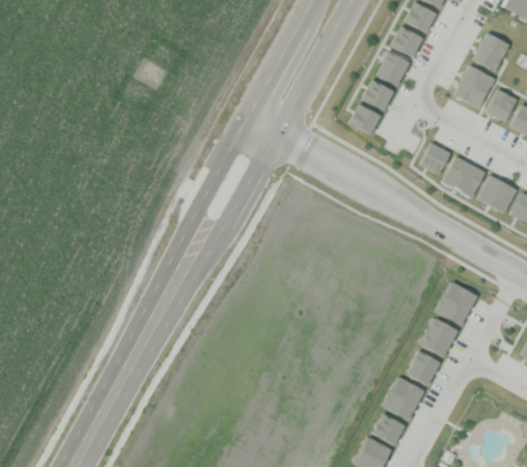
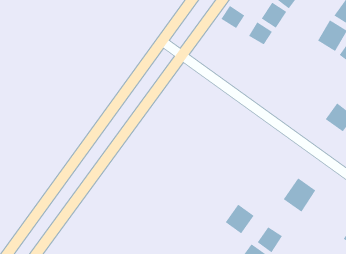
building: [348,105,380,135] -> [221,5,245,29]
building: [419,143,450,176] -> none
building: [442,156,485,199] -> none
building: [419,318,457,357] -> [225,204,255,234]

